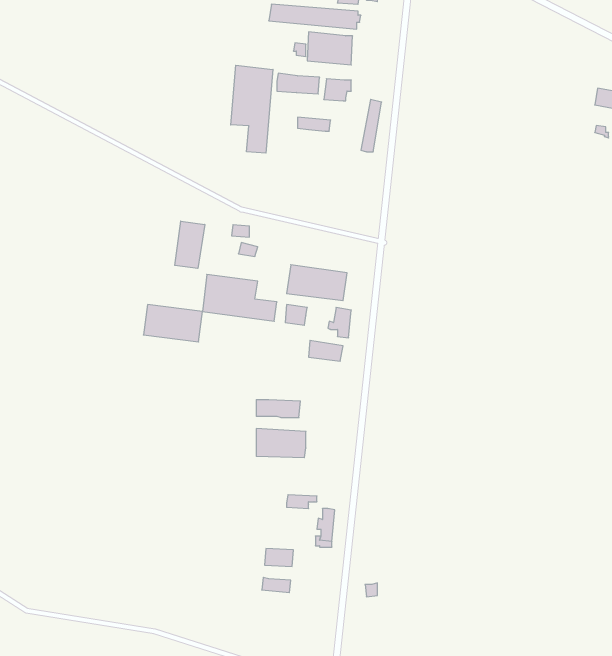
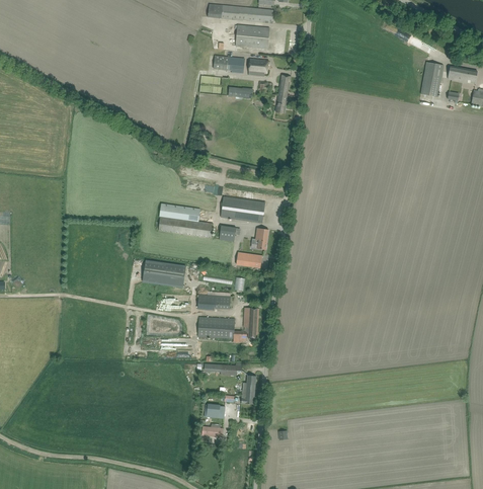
building: [231,65,273,153] -> none
building: none -> [420,62,442,96]
building: [175,221,205,268] -> none
building: [143,305,203,342] -> [142,259,185,287]
building: none -> [233,307,258,341]

